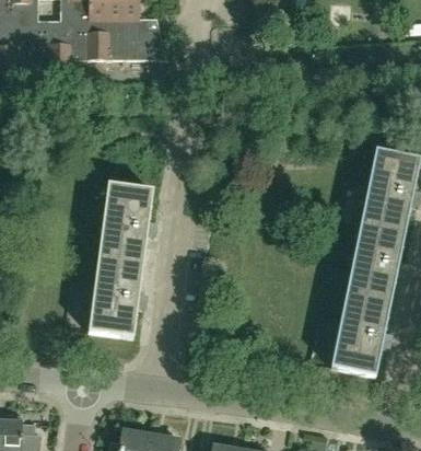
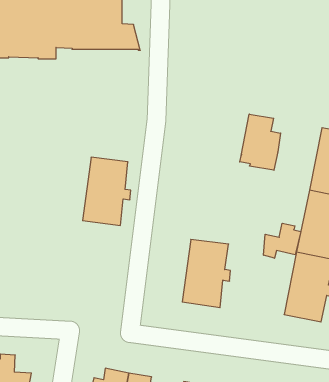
building: none -> [240,114,281,170]
building: [89,258,144,337] -> [182,239,230,308]
building: none -> [264,223,301,258]

